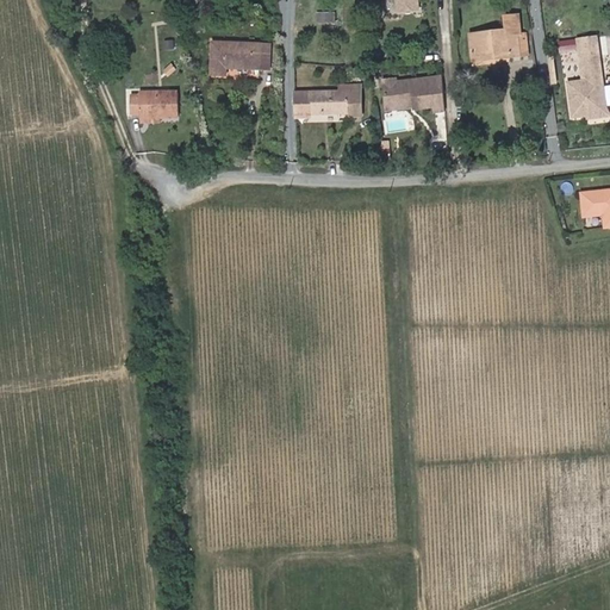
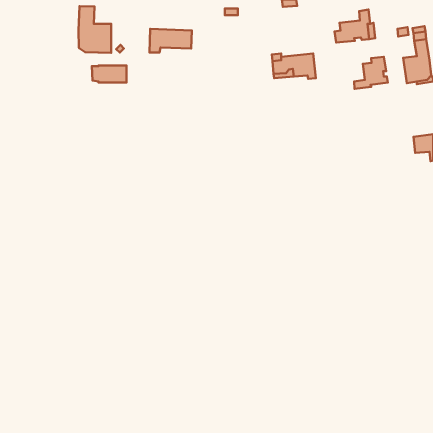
building: none -> [79,6,111,53]
building: none -> [354,57,388,89]
building: [293,86,359,116] -> none

